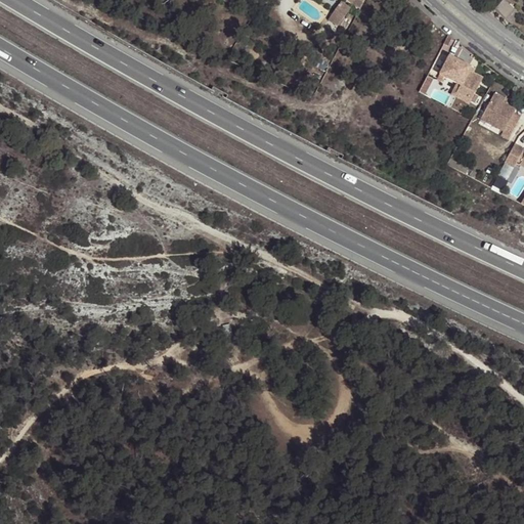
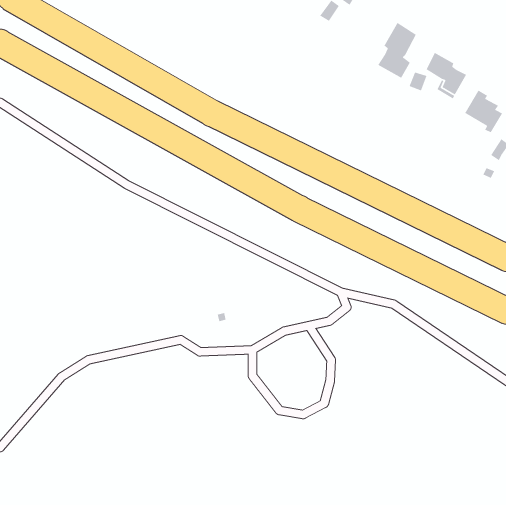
building: none -> [377,22,417,79]

